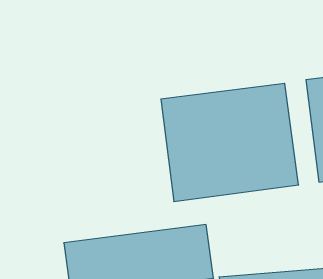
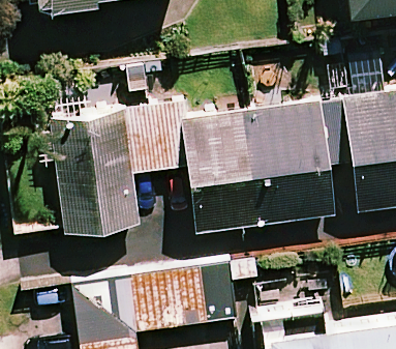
building: none -> [56,108,145,235]

